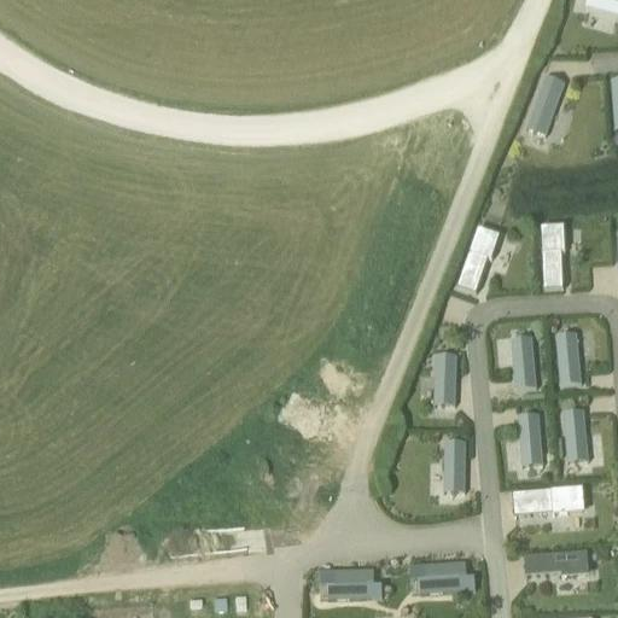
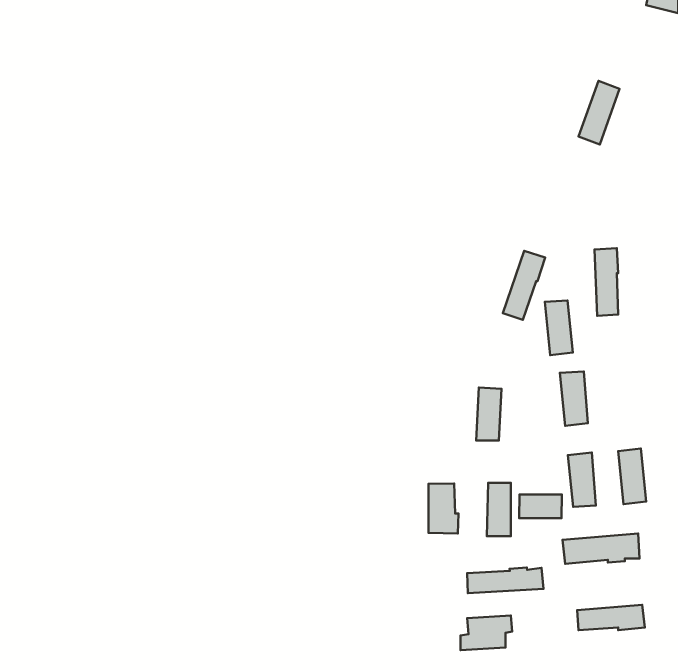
building: [555,334,581,384] -> [545,301,573,355]
building: none -> [429,484,458,534]
building: none -> [519,494,562,518]
building: none -> [467,568,544,593]
building: [326,567,374,597] -> none

